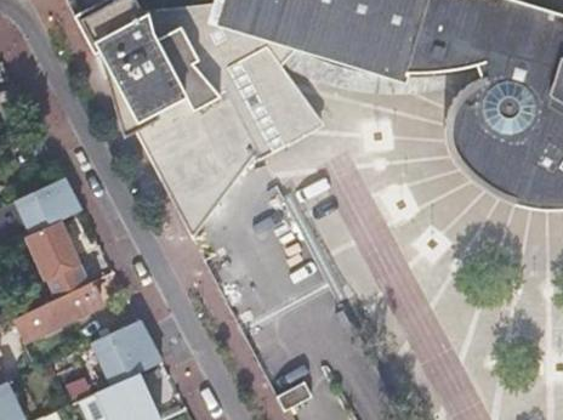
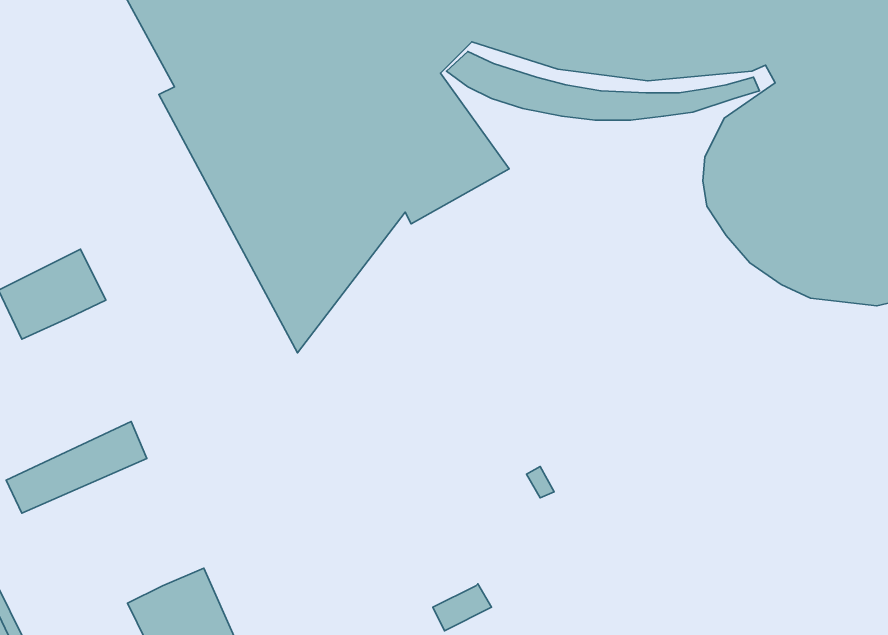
building: [16,218,70,274] -> none
building: [89,319,158,385] -> none

